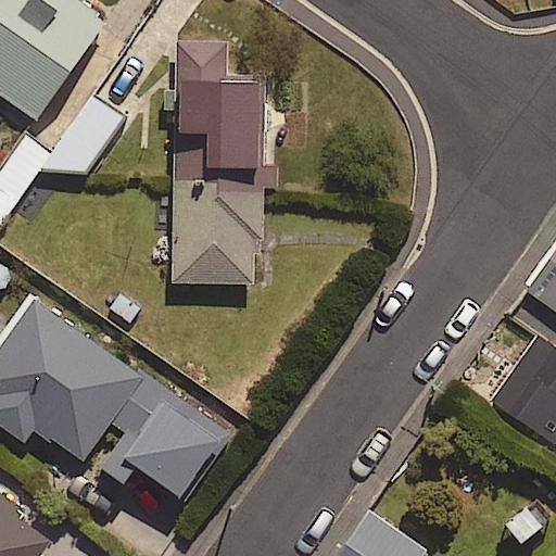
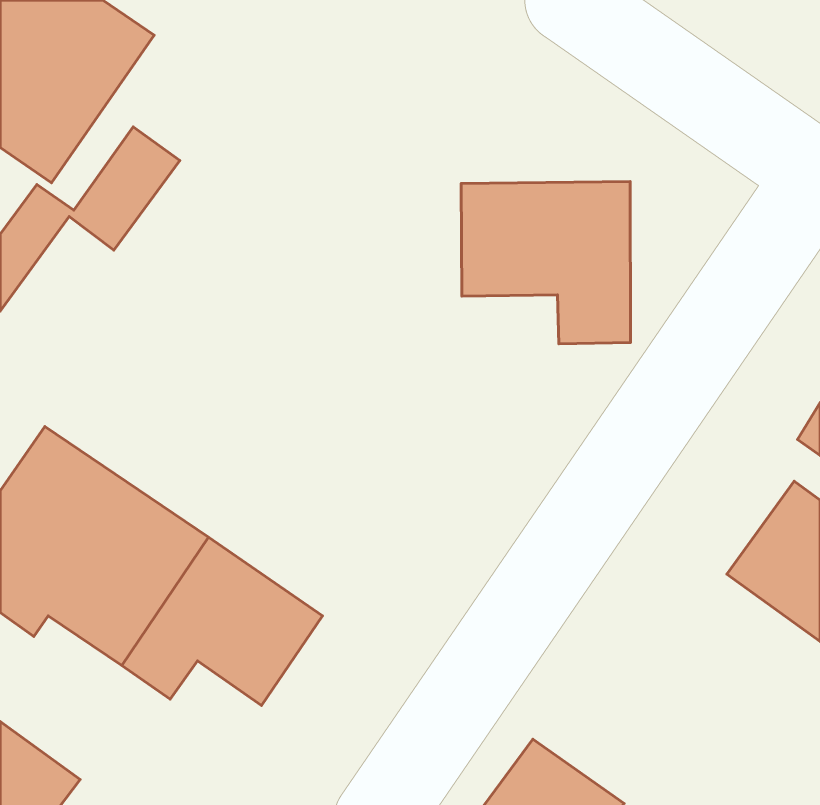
building: [172,40,271,282] -> none
building: none -> [461,182,631,344]

